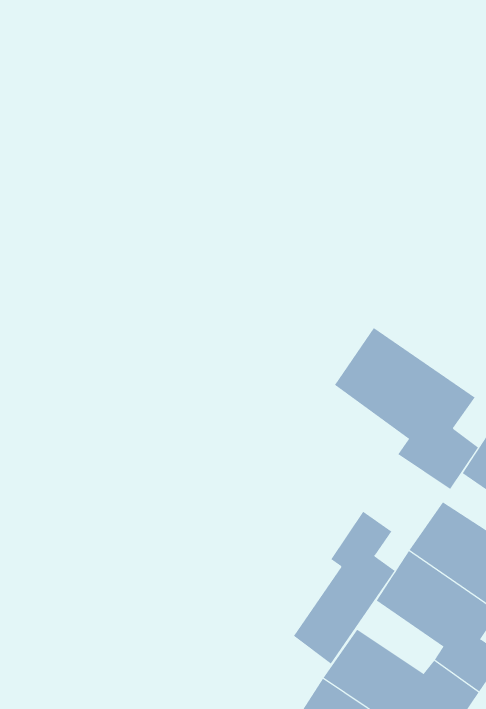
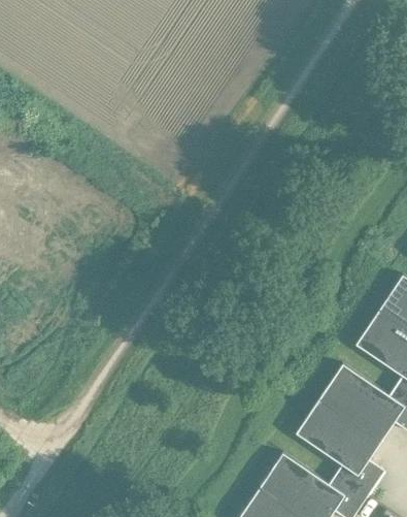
building: [334,327,479,490] -> none
building: [293,511,395,664] -> none

